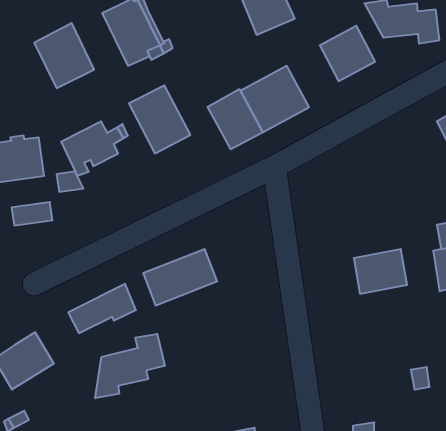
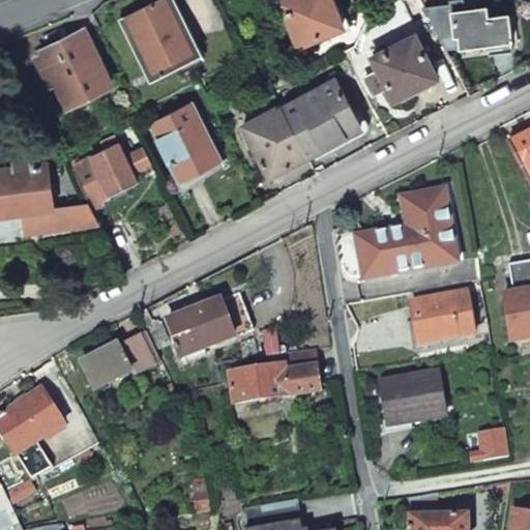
building: none -> [354,189,457,279]
building: [12,202,53,225] -> [22,205,69,232]
building: none -> [229,350,321,403]
building: none -> [380,372,444,425]
building: [95,334,165,398] -> none

